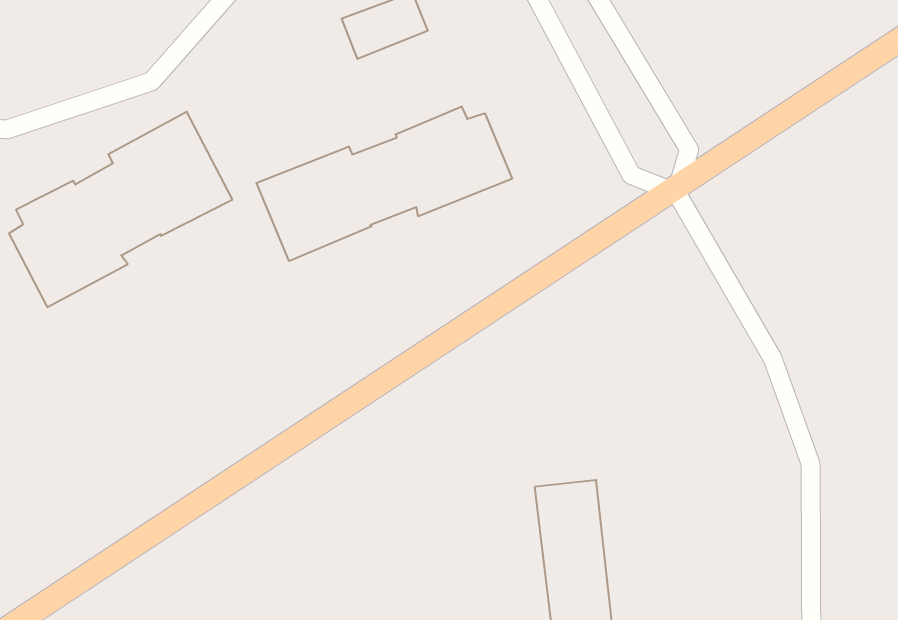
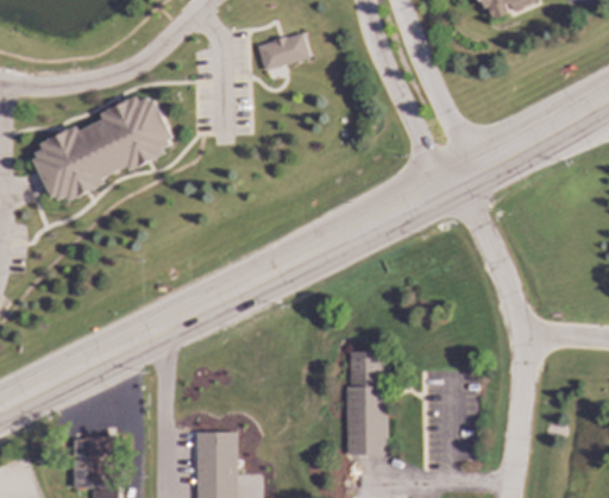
building: [256,106,512,261] -> none

